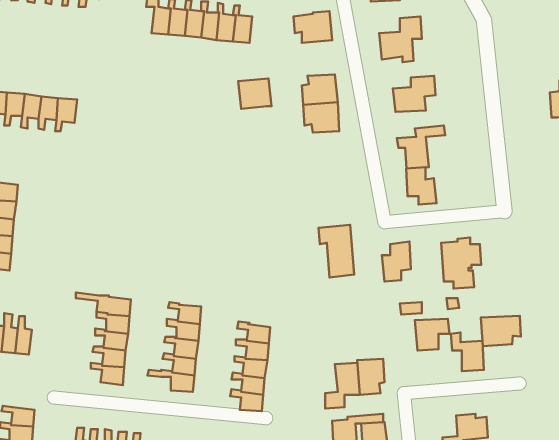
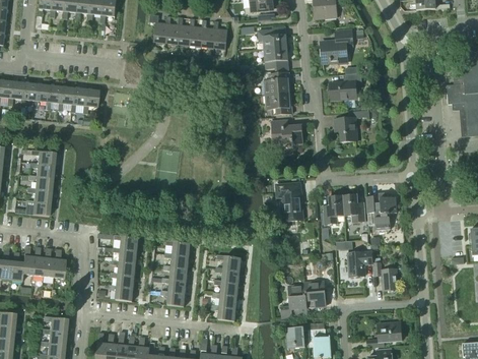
building: [238,78,271,109] -> [264,47,288,69]
building: none -> [271,120,303,144]
building: [406,167,437,204] -> [343,194,365,222]
building: [481,316,521,346] -> none

